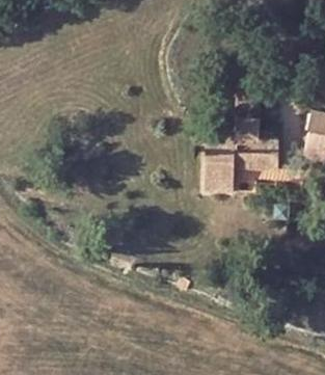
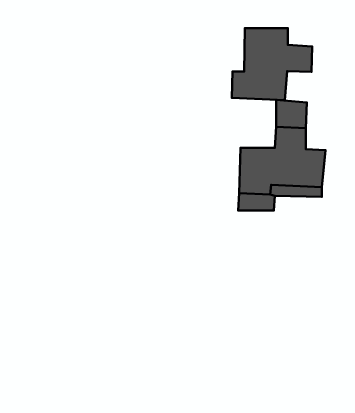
building: none -> [232,28,312,100]

